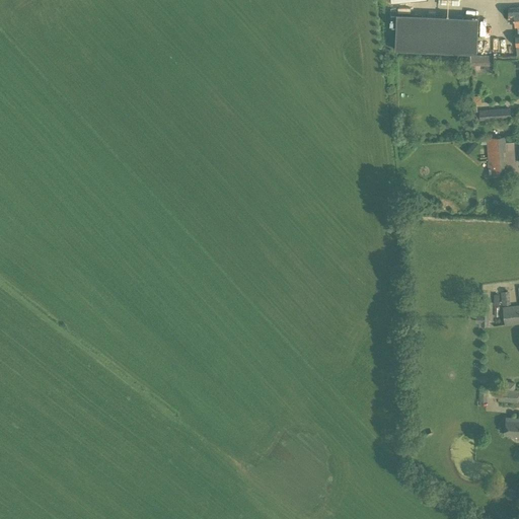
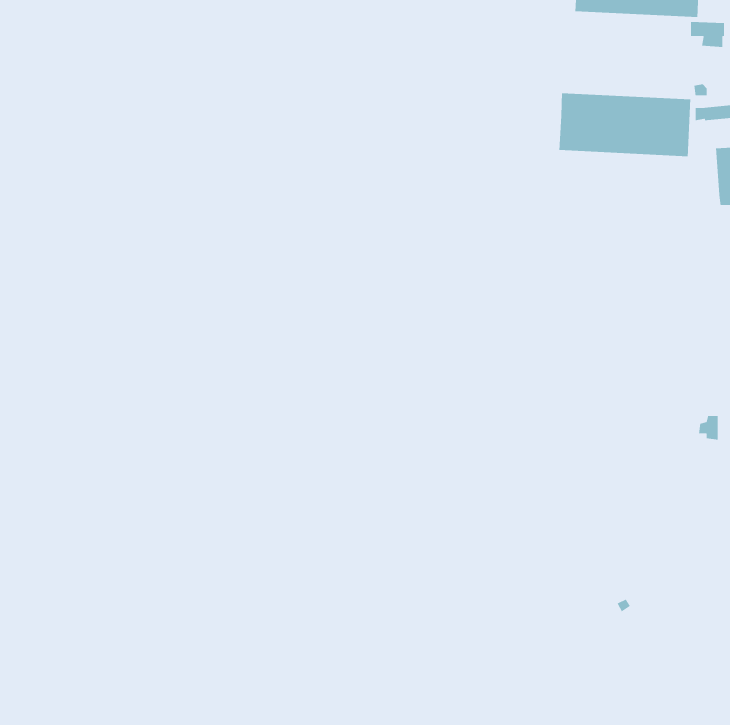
building: none -> [558,92,691,157]

